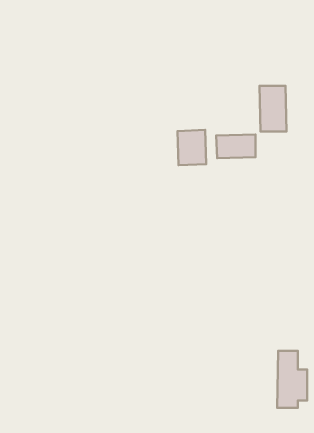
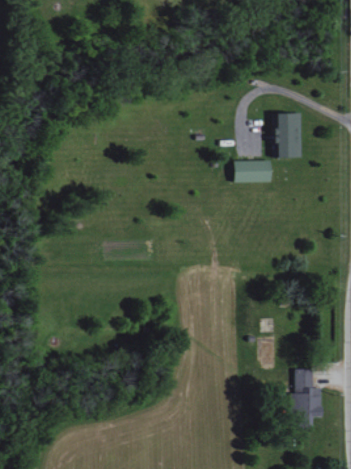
building: [178,130,206,165] -> none

